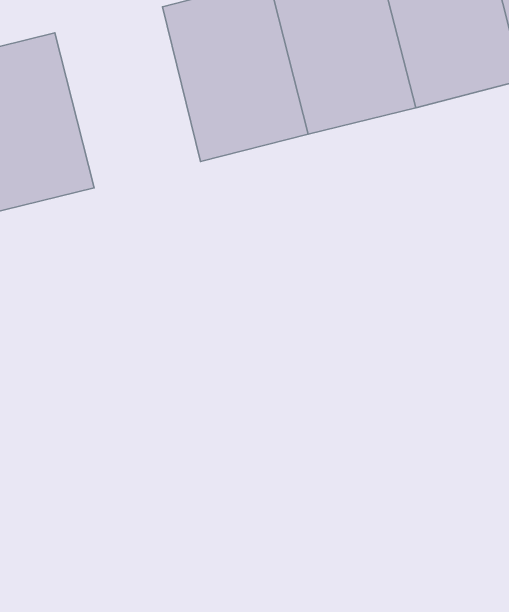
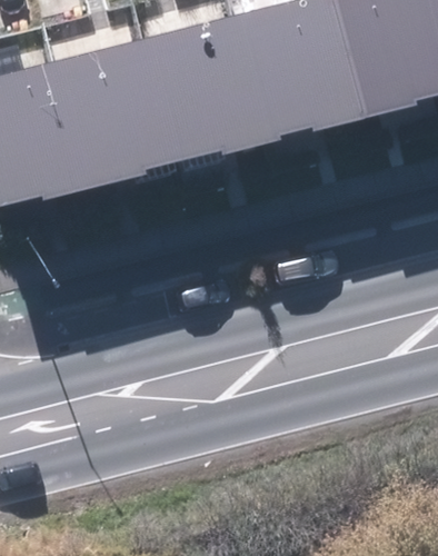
building: none -> [50,34,173,188]

